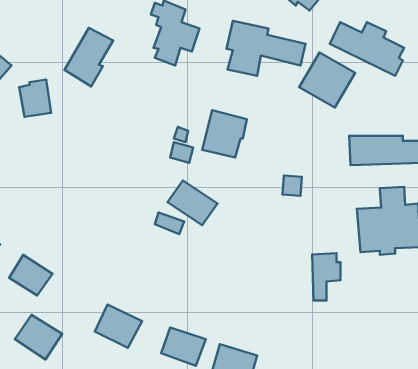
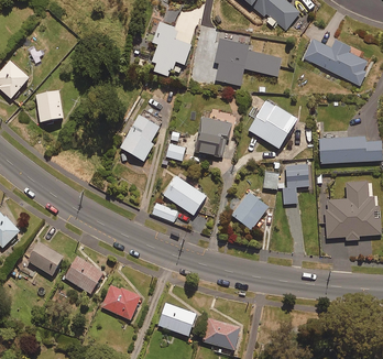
building: [64,28,113,87] -> [120,110,162,161]
building: [299,53,355,107] -> [248,100,296,148]
building: none -> [231,192,269,229]
building: [312,253,340,301] -> [284,163,308,204]
building: [15,315,62,360] -> [63,255,103,294]

